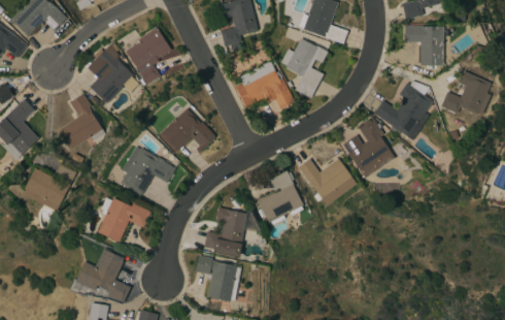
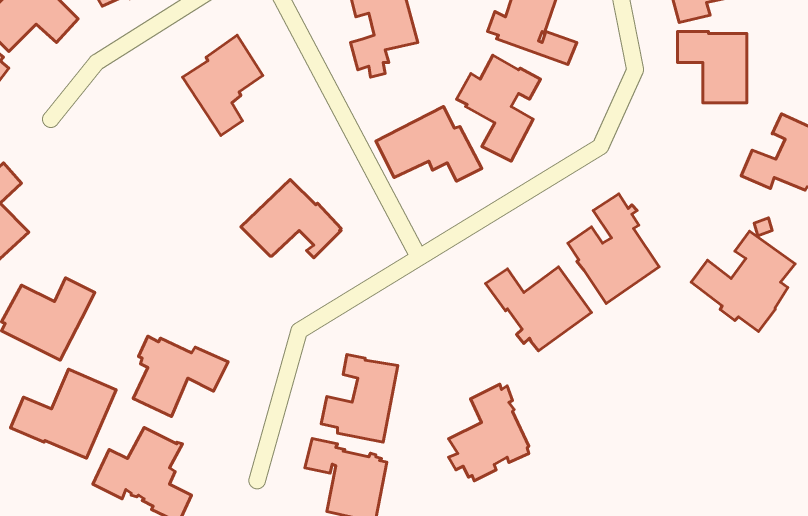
building: [88,43,139,103] -> none
building: [374,84,433,140] -> [691,231,795,331]
building: [60,94,105,149] -> none
building: [121,147,175,195] -> none
building: [258,170,303,225] -> [449,384,529,481]
building: none -> [10,369,116,458]

